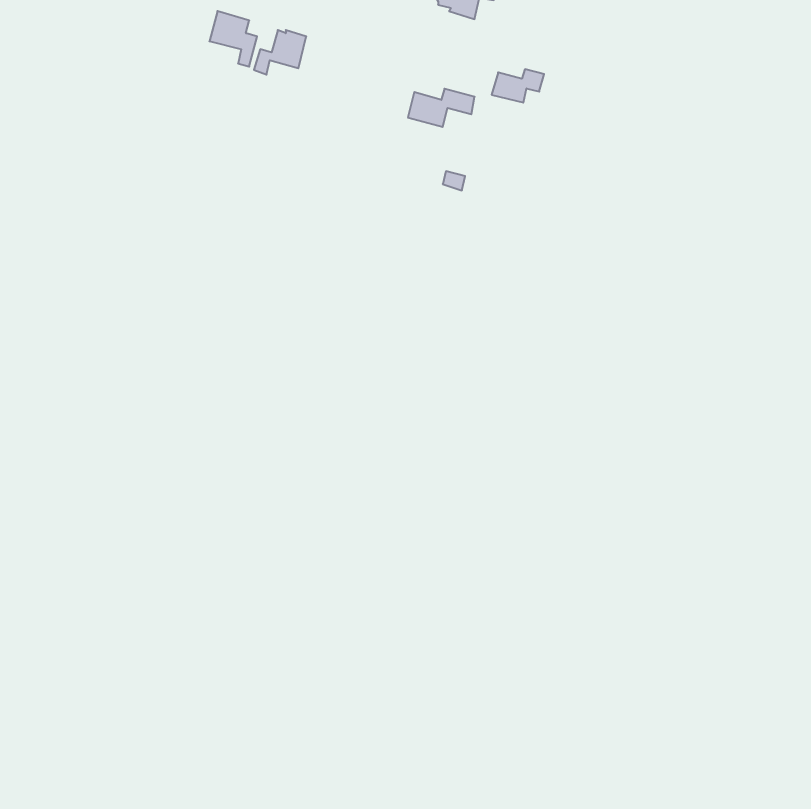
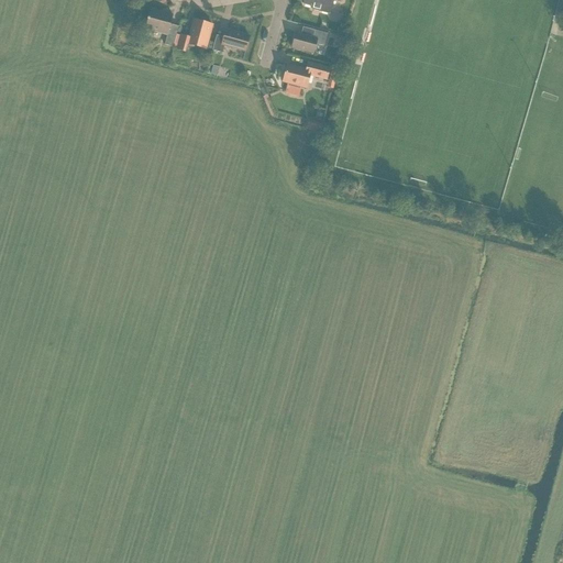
building: none -> [212,29,250,53]
building: [492,69,544,103] -> [291,30,328,53]

